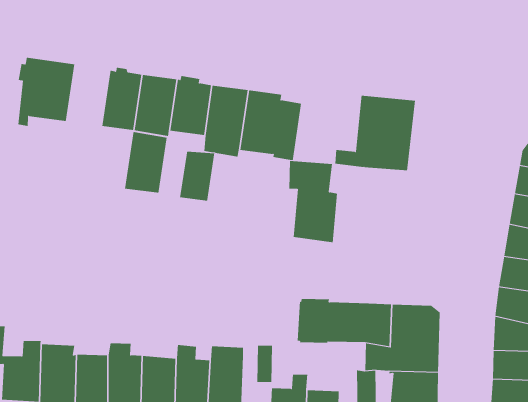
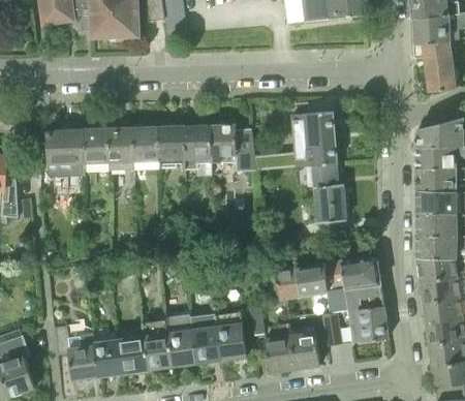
building: [124,131,168,193] -> [82,128,108,171]
building: [180,151,215,201] -> none
building: [288,161,338,243] -> [303,163,345,221]

